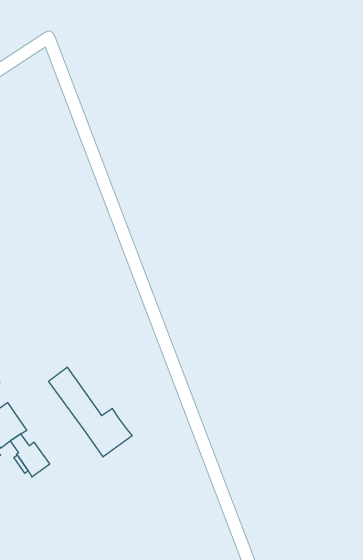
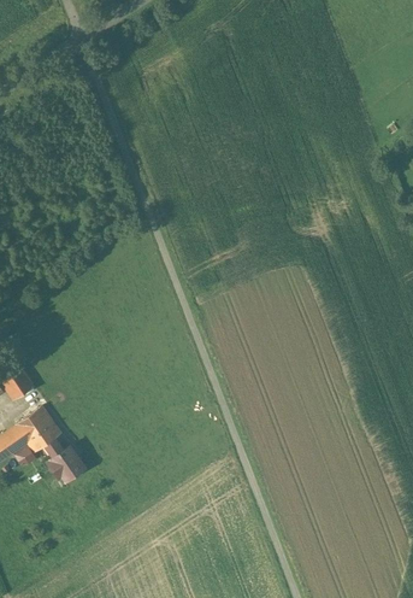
building: [49,367,132,457] -> none

